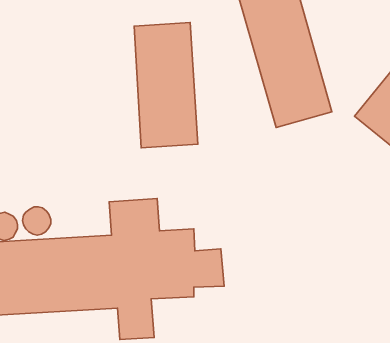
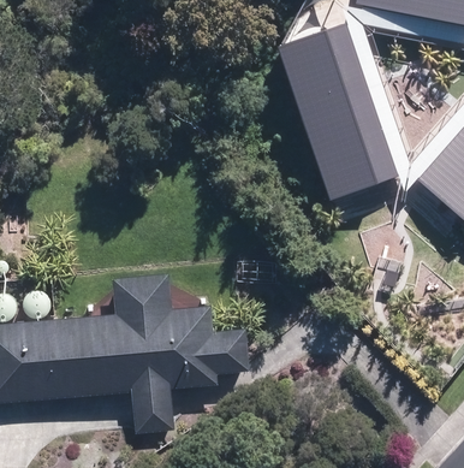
building: [134,23,198,148] -> none

